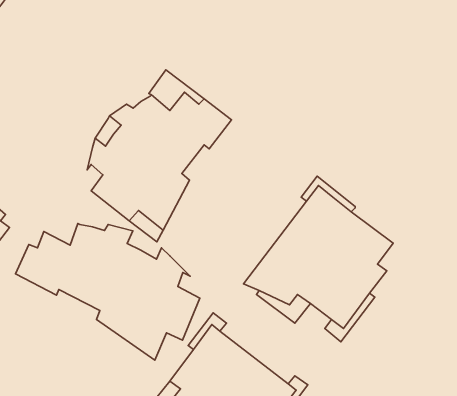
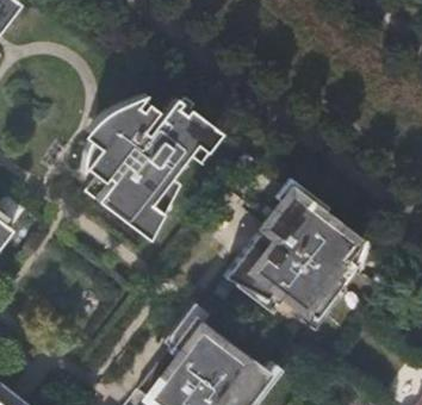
building: [16,224,200,360] -> none

